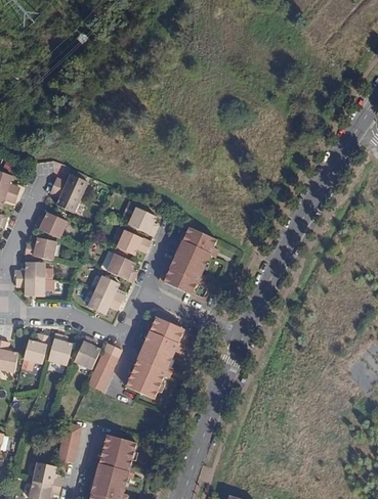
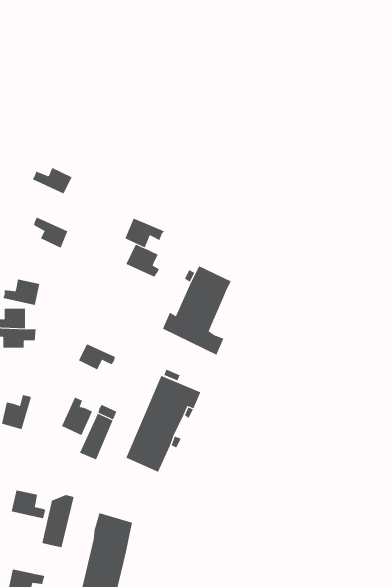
building: [53,175,87,197] -> [32,167,72,194]
building: [34,212,67,238] -> none
building: [117,230,151,256] -> [125,218,165,248]
building: [107,254,135,282] -> none
building: [95,275,125,304] -> none
building: [48,333,72,365] -> none
building: [33,462,62,487] -> [11,490,46,519]

